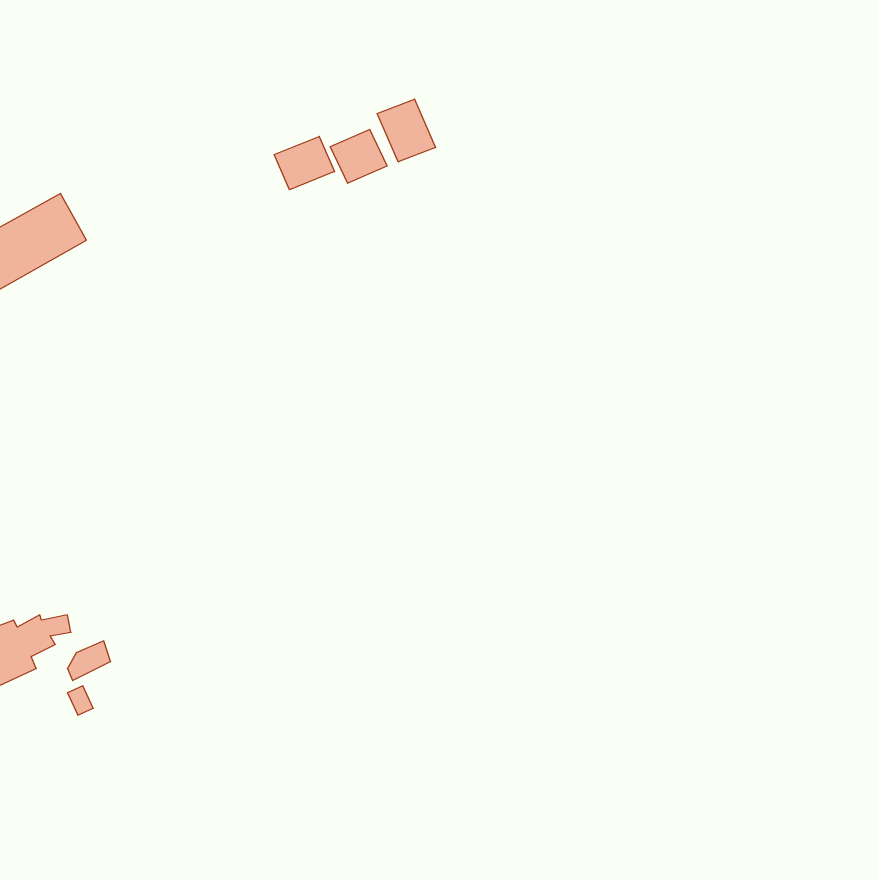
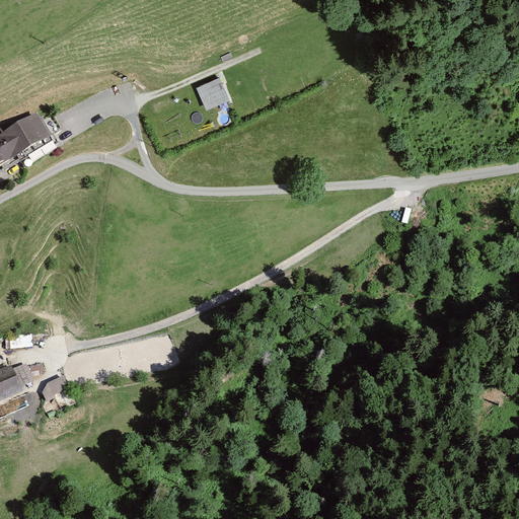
building: [377,99,436,162] -> none
building: [274,136,335,190] -> none

